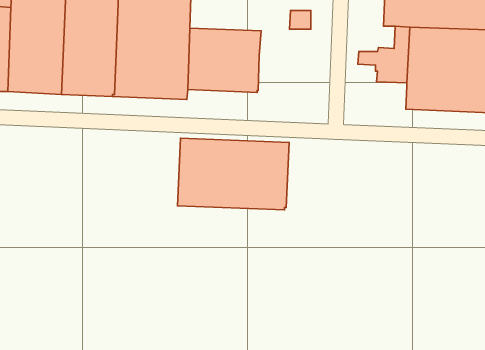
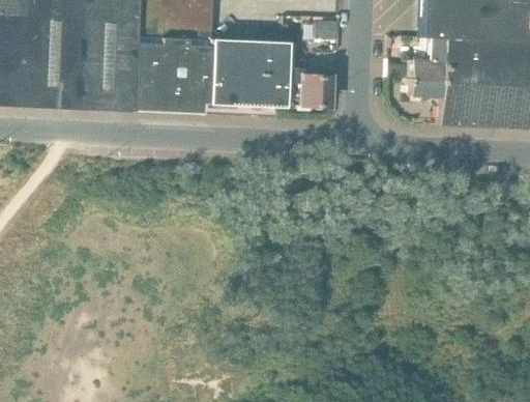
building: none -> [287,66,332,106]
building: [178,138,289,210] -> none

